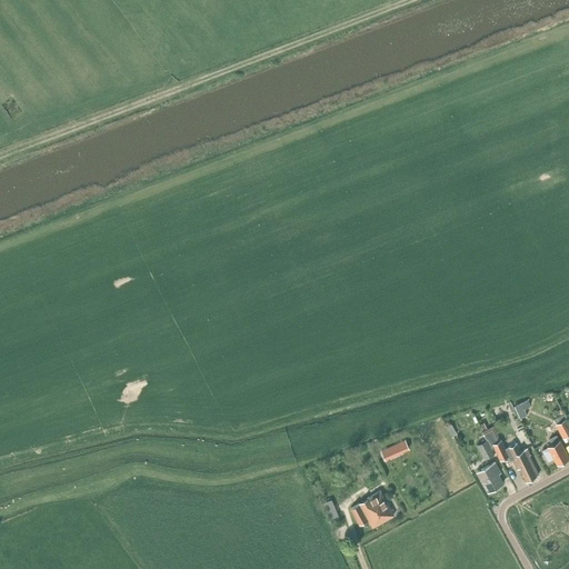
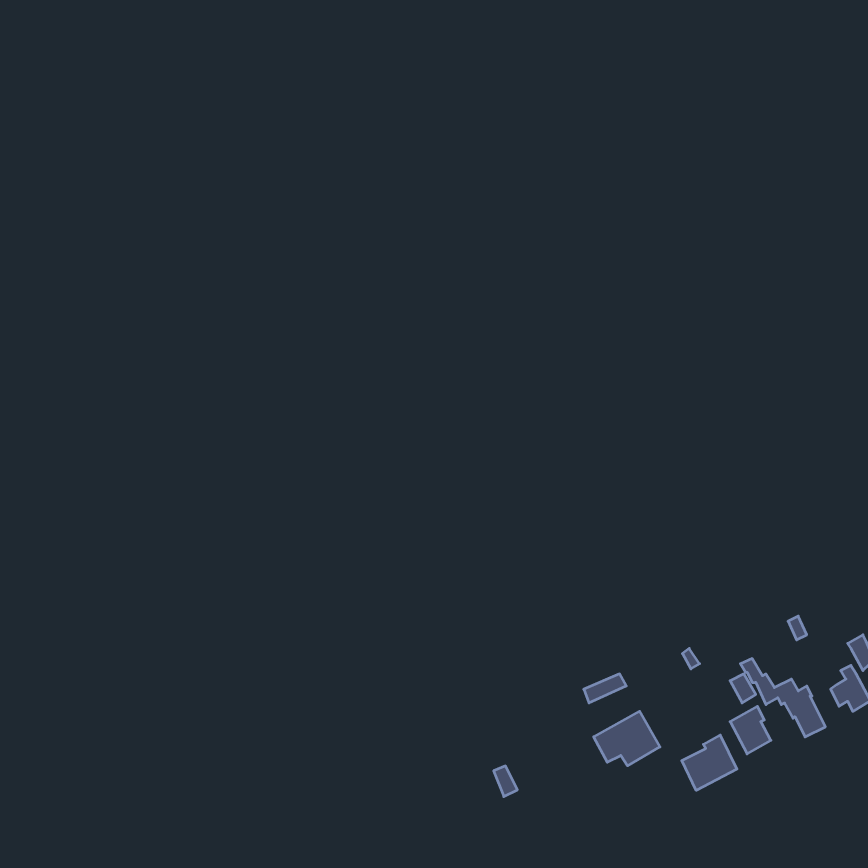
building: none -> [682,735,737,790]
building: [351,492,395,528] -> [594,711,660,766]

